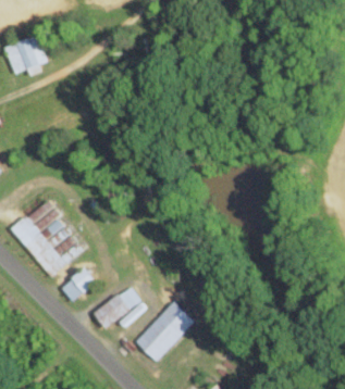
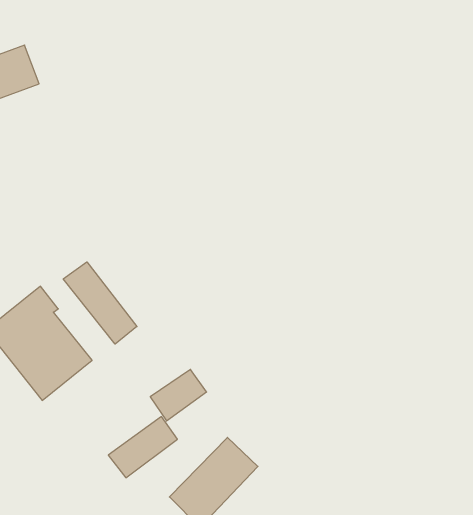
building: none -> [63,262,137,344]
building: [60,268,98,303] -> [150,369,207,421]

